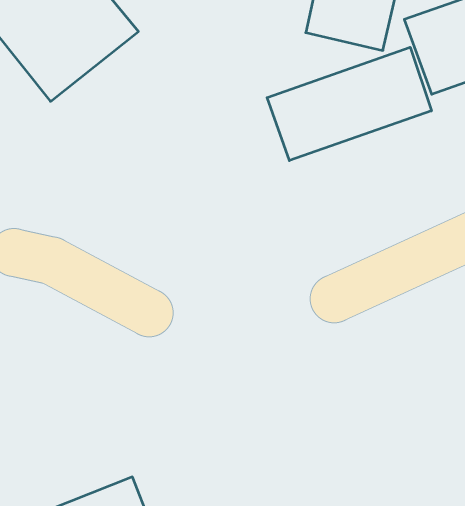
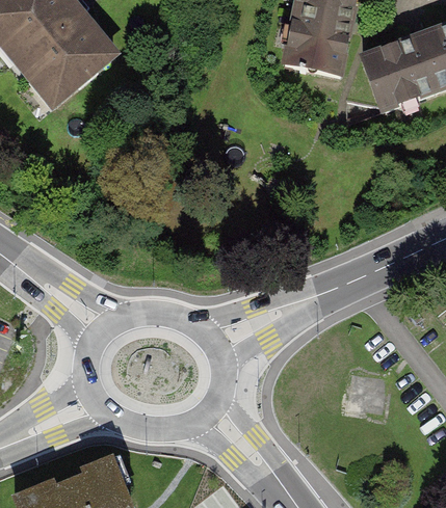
building: [267,47,431,161] -> none

